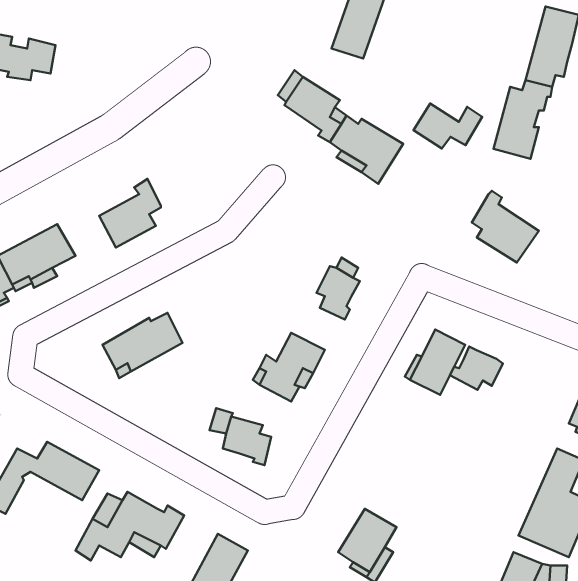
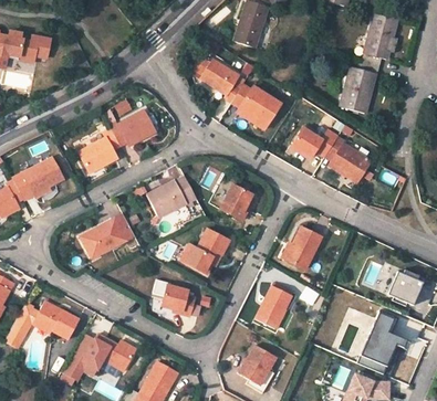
building: [414,103,482,149] -> [292,128,337,158]
building: none -> [110,110,155,145]
building: none -> [147,175,197,218]
building: [450,346,503,390] -> none
building: none -> [257,285,292,325]

